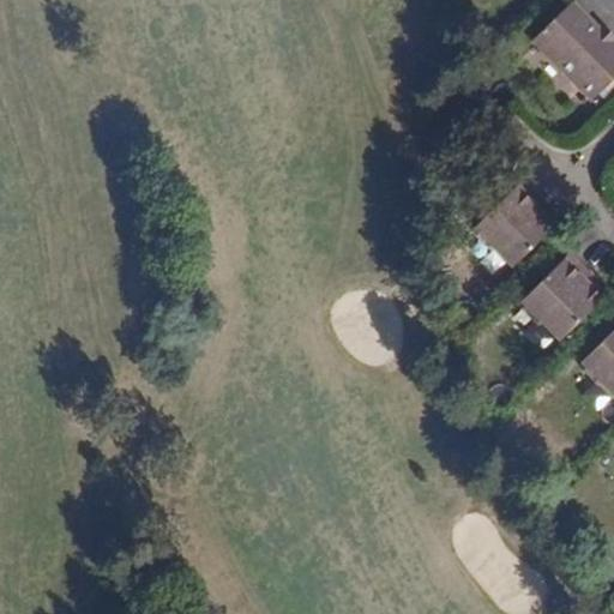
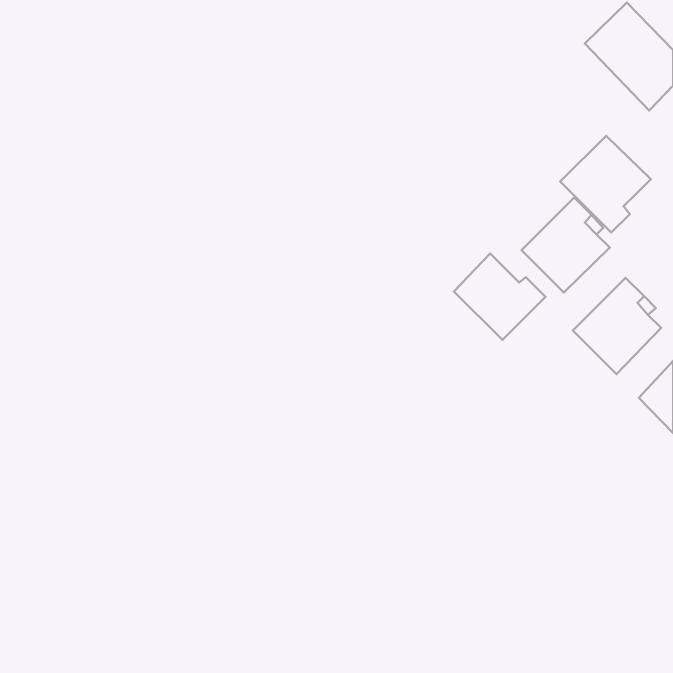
building: none -> [560,136,651,233]
building: none -> [454,254,545,340]

